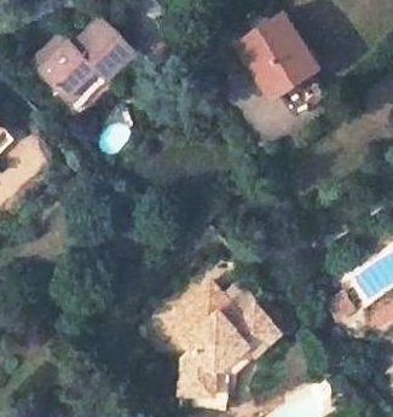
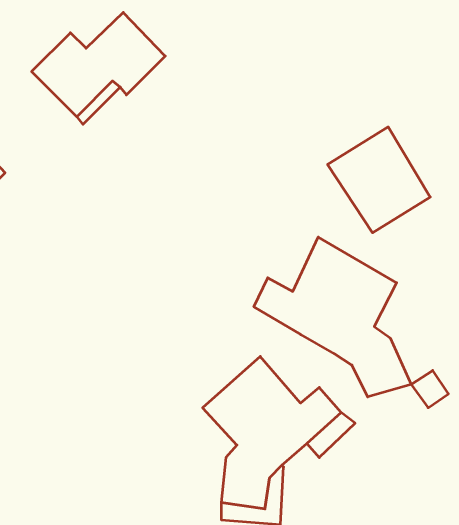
building: [237,12,317,94] -> [328,127,430,233]
building: none -> [254,237,411,397]

